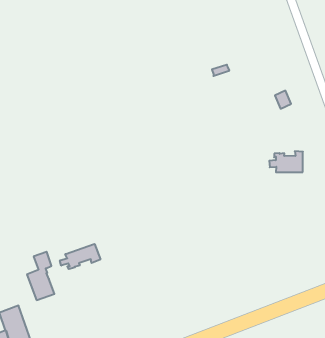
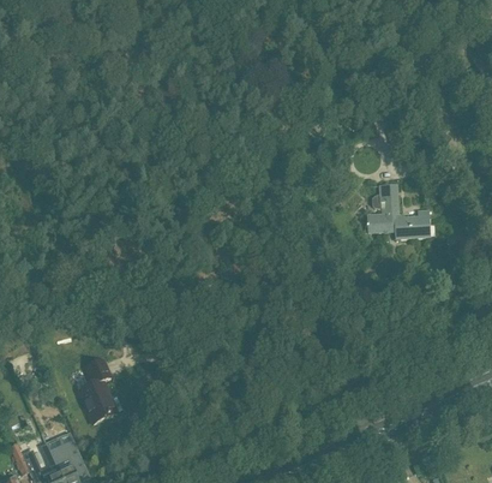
building: none -> [368,184,400,234]
building: [60,244,100,269] -> none

